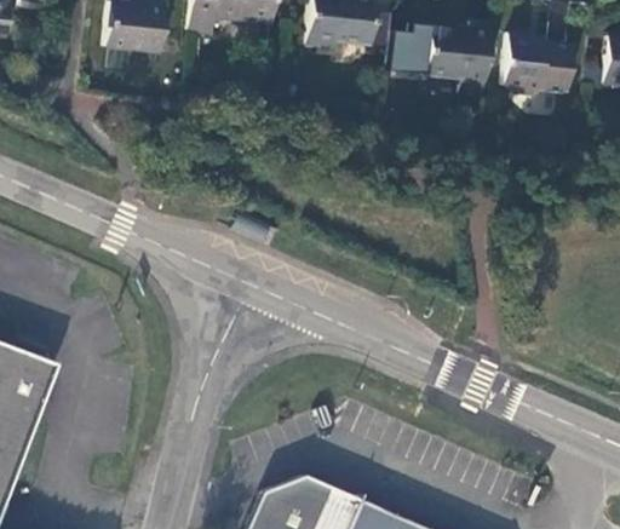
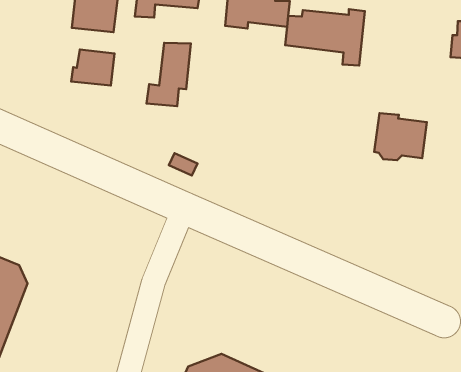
building: [503,35,572,97] -> [374,113,427,160]
building: none -> [146,43,191,106]
building: none -> [71,50,114,86]

